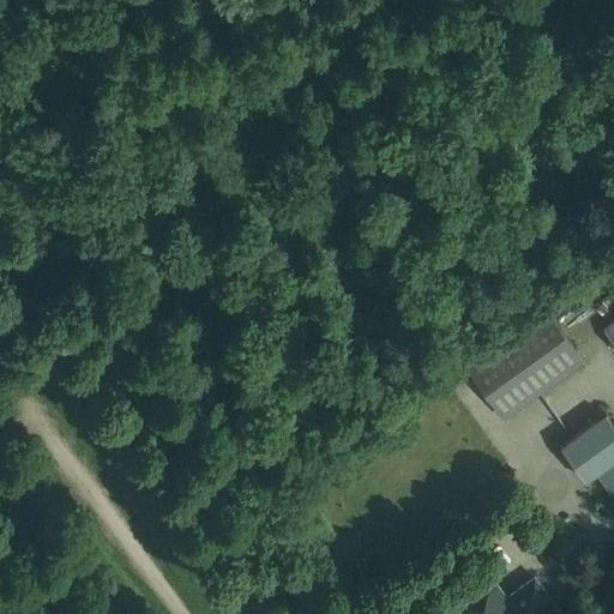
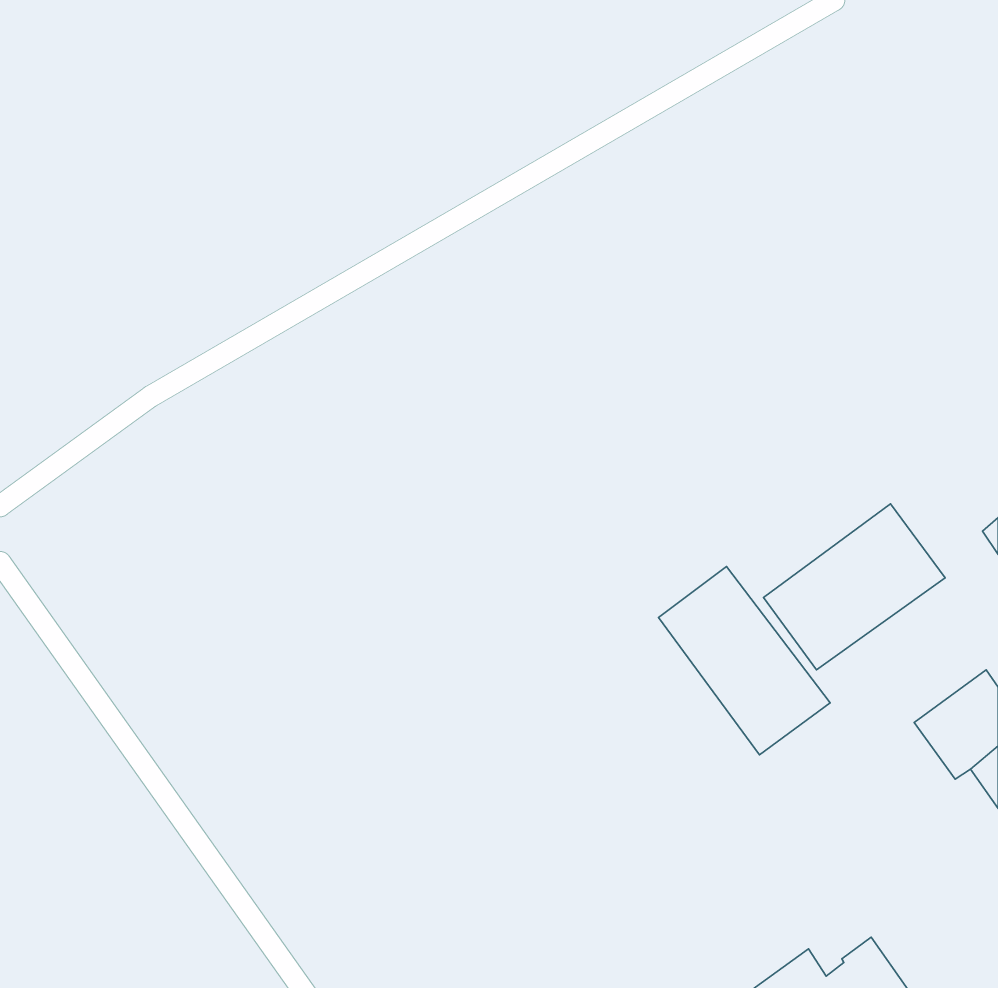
building: none -> [658,567,830,755]

